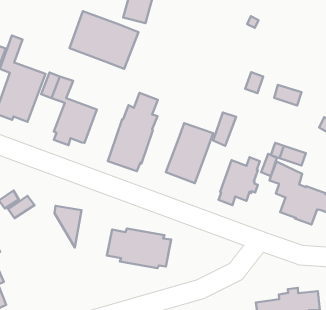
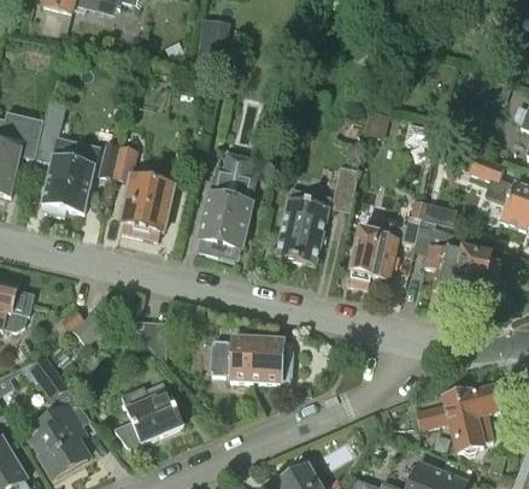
building: [69,11,139,69] -> none
building: none -> [113,385,183,447]

